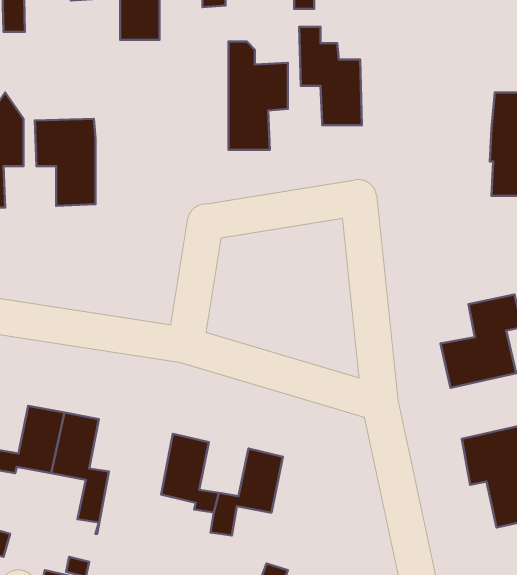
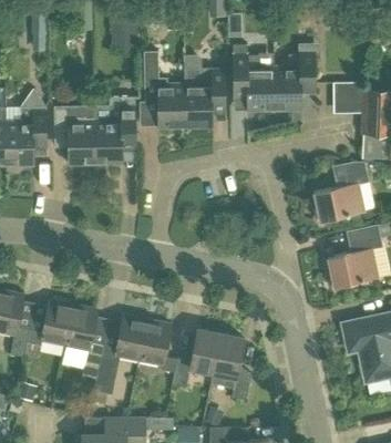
building: none -> [143,51,184,128]
building: none -> [272,54,313,111]
building: none -> [332,82,363,114]
building: none -> [94,97,134,164]
building: none -> [313,162,368,222]
building: none -> [95,315,146,390]
building: none -> [210,334,250,400]

